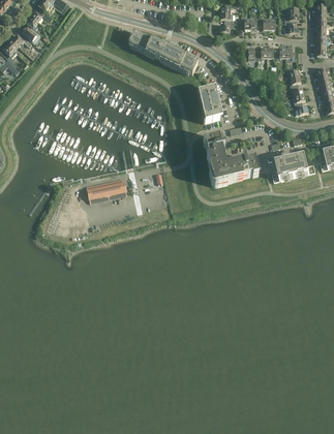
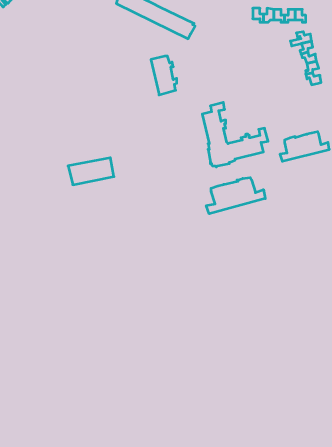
building: [196,87,219,121] -> [151,56,177,95]
building: none -> [206,178,265,214]

